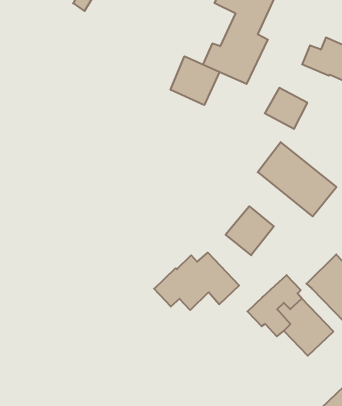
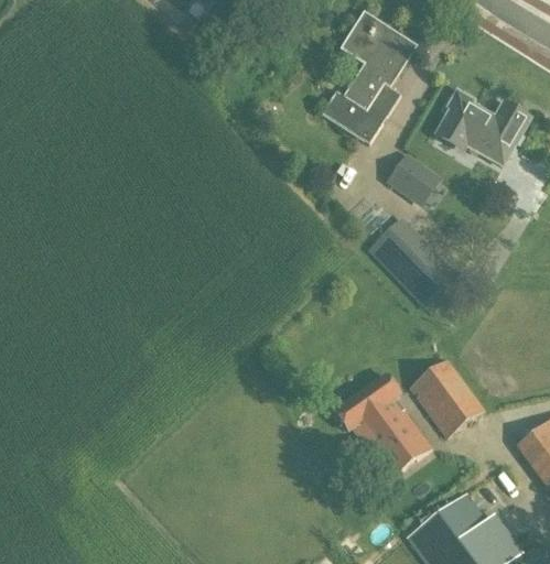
building: [171,56,220,105] -> none
building: [226,206,274,255] -> none
building: [154,253,239,310] -> none

